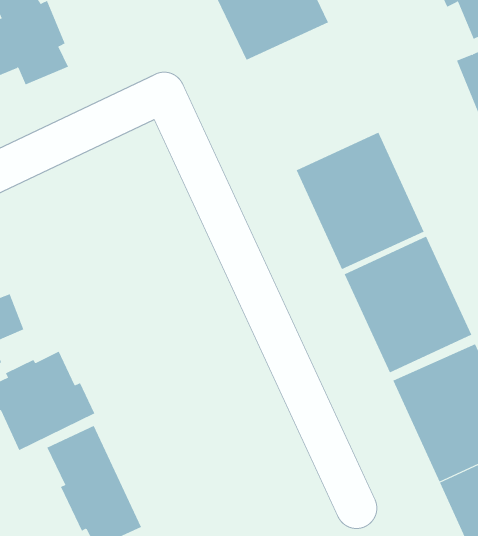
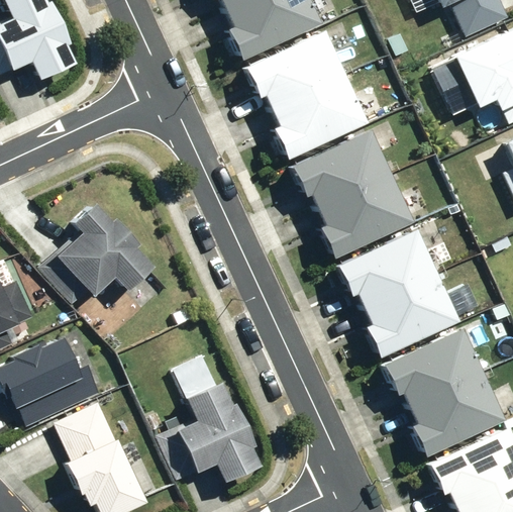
building: none -> [248,31,371,163]
building: none -> [35,203,156,308]
building: none -> [178,382,262,483]

